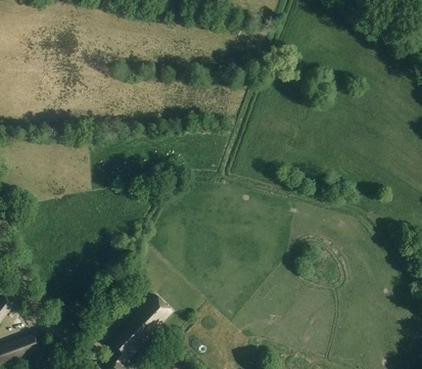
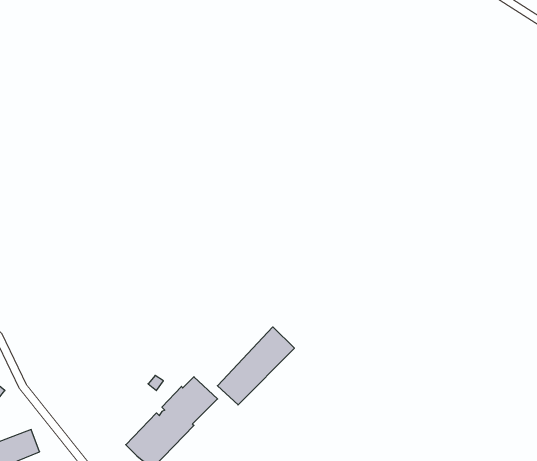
building: none -> [217,327,294,405]

